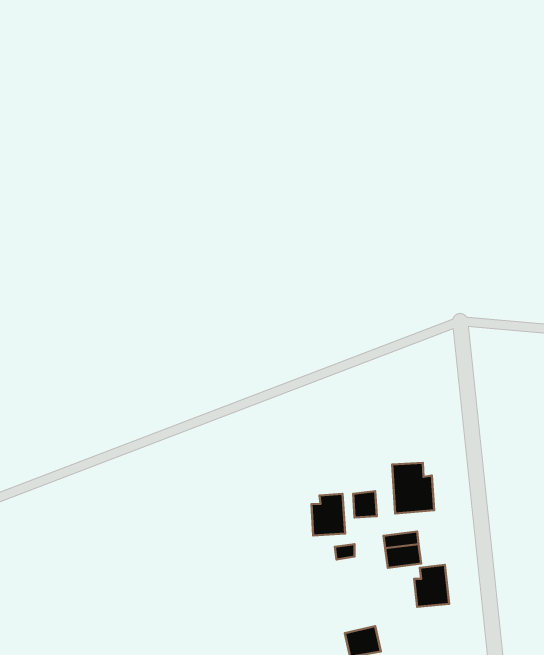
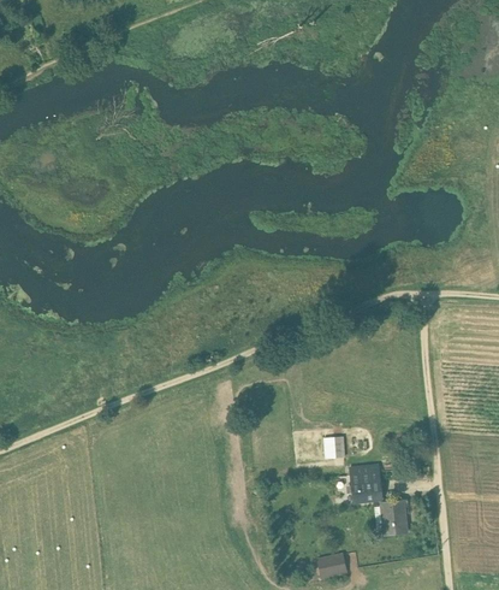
building: [392,463,434,513] -> none
building: [311,494,345,535] -> none

